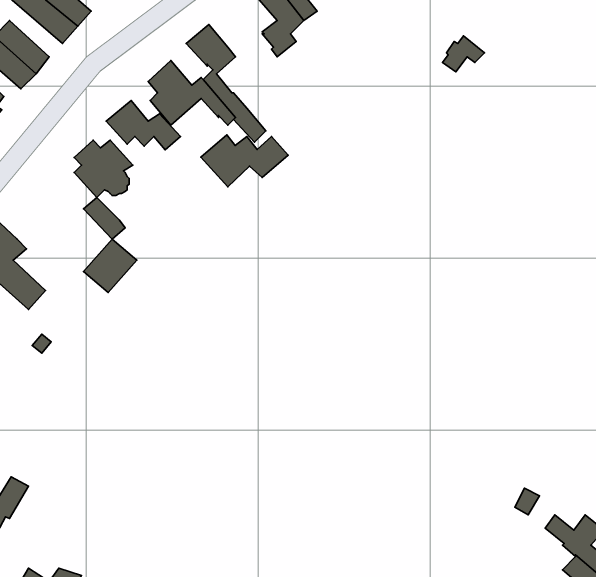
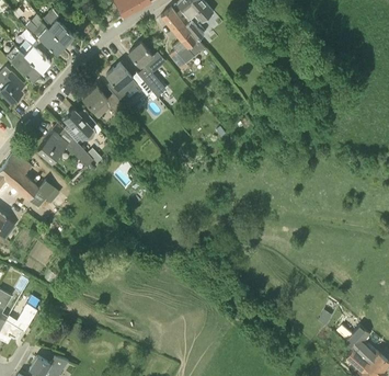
building: [201,135,288,187] -> none
building: [84,239,137,292] -> [37,132,68,162]

